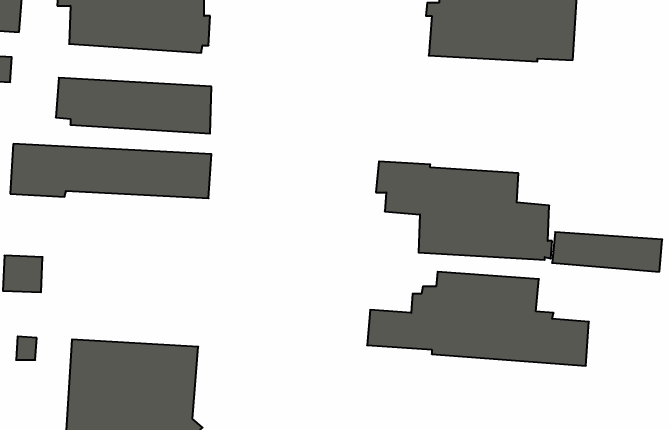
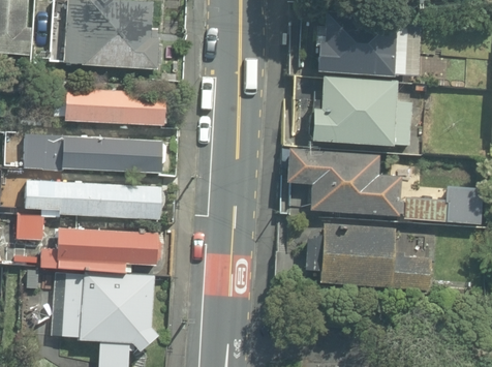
building: none -> [295,77,409,147]
building: none -> [25,181,164,219]
building: none -> [39,227,160,272]

